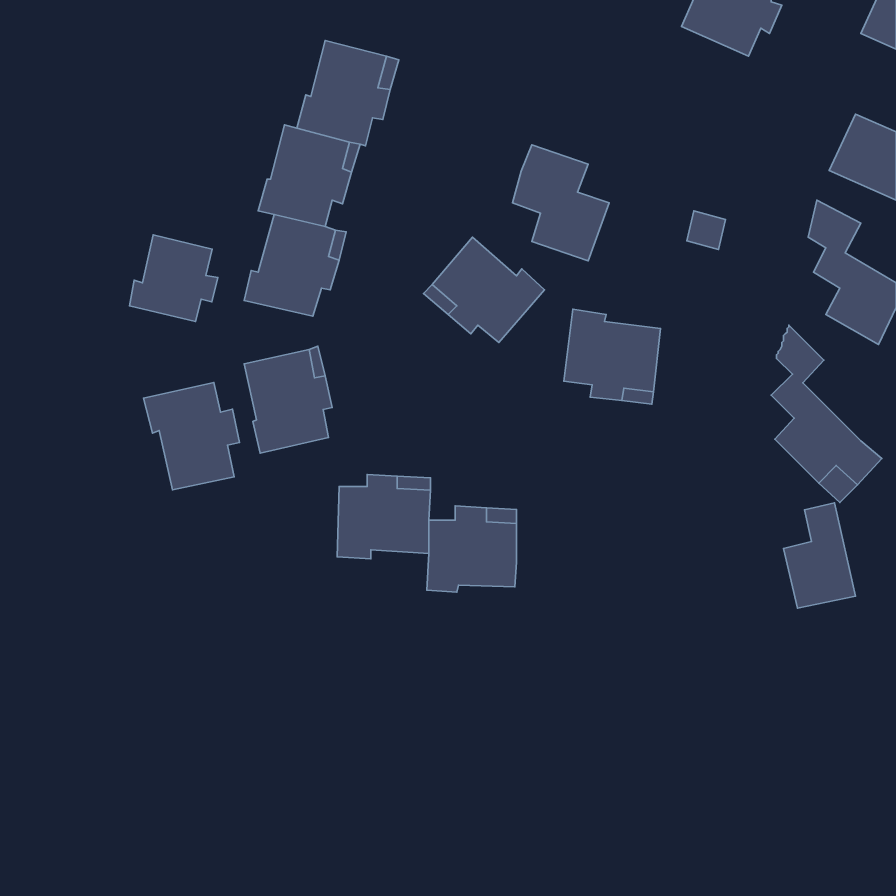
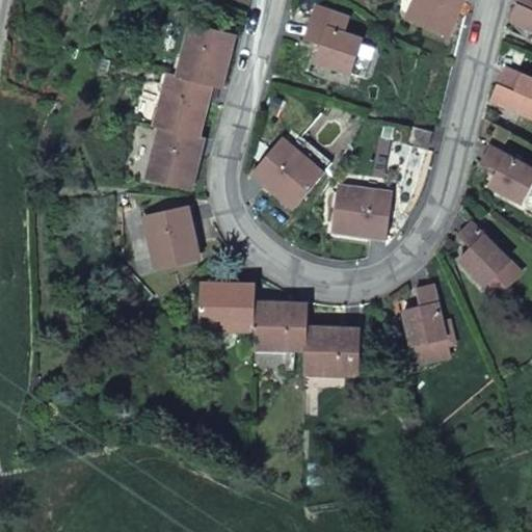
building: [512,145,609,261] -> [304,4,362,73]
building: [129,235,218,321] -> none
building: [143,382,239,490] -> none
building: [783,503,855,608] -> [403,283,446,345]
building: none -> [304,326,357,375]

